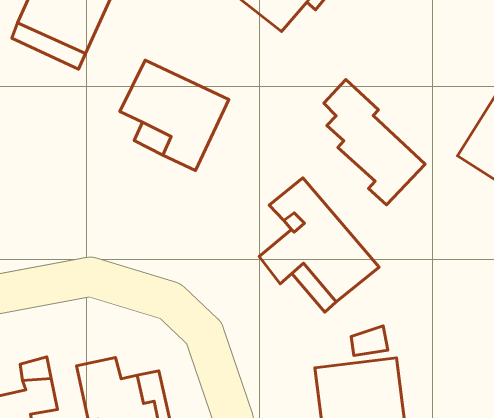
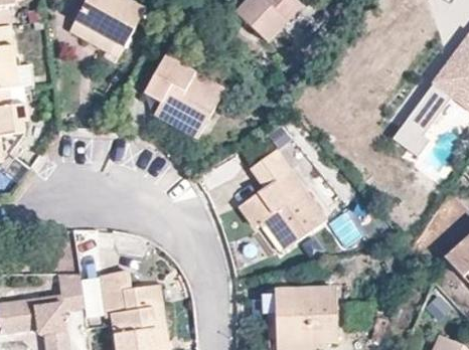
building: [324,79,425,205] -> none

